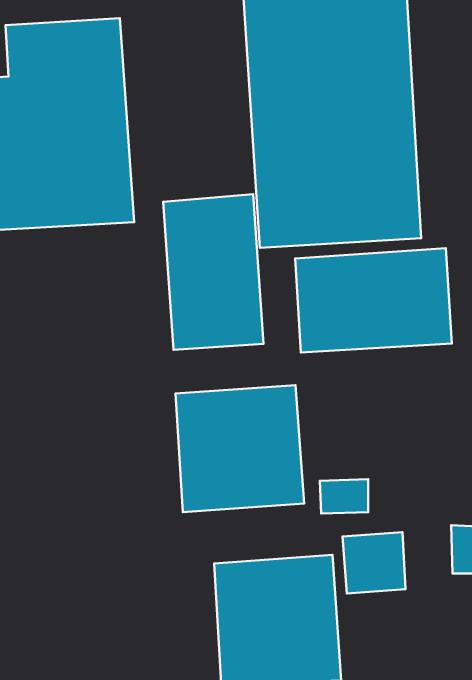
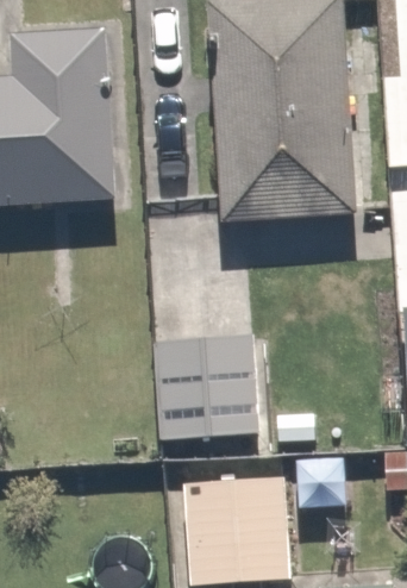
building: [163,194,264,350] -> none
building: [295,248,452,353] -> none

